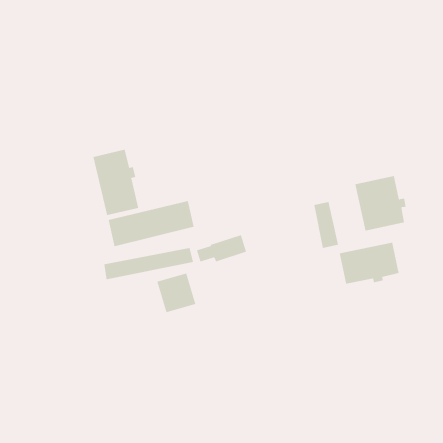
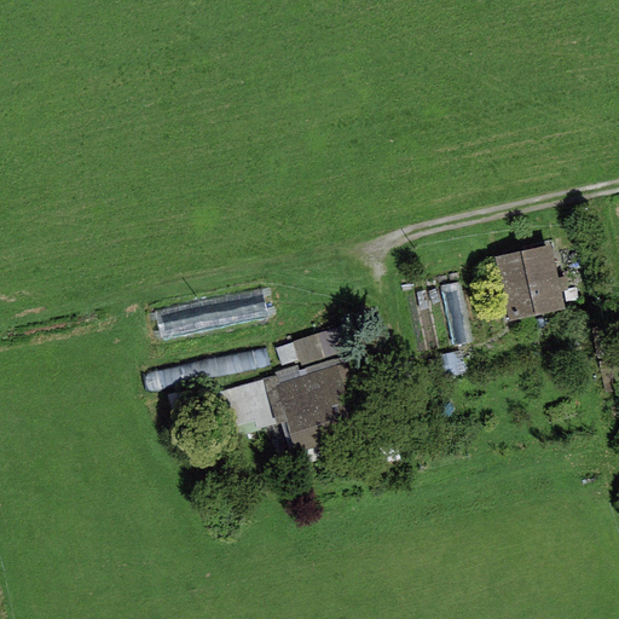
building: [93,149,139,216] -> none
building: [339,242,399,285] -> none
building: none -> [266,352,376,455]

